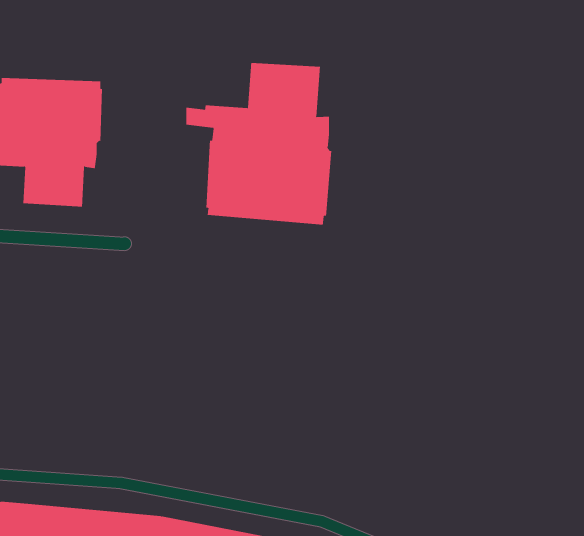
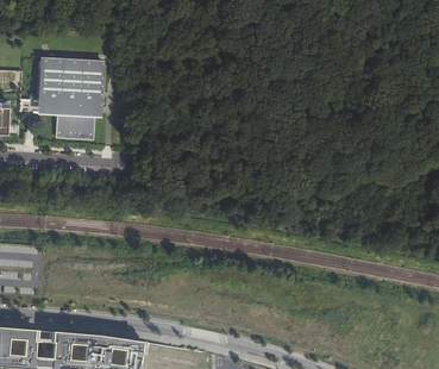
building: [186,62,332,225] -> none

